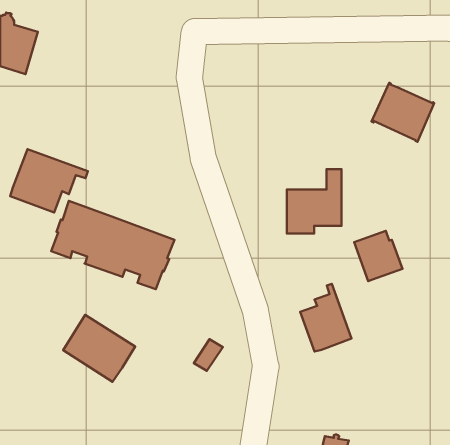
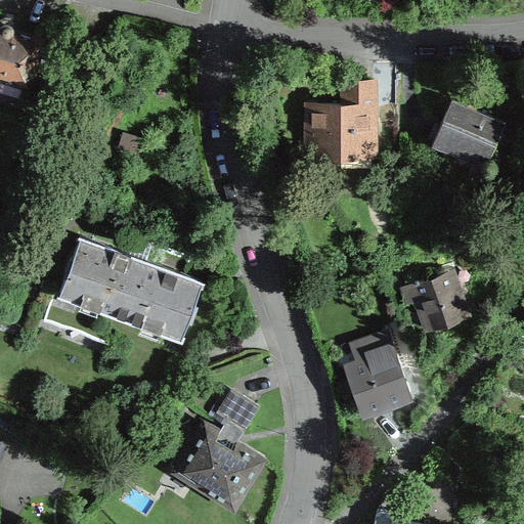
building: [10,149,88,212] -> none
building: [287,169,341,234] -> [309,84,373,159]
building: [63,315,135,382] -> [179,427,263,505]

